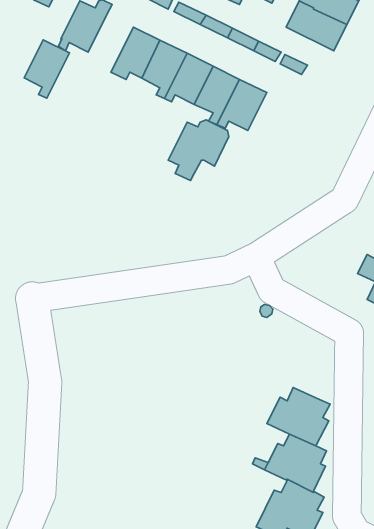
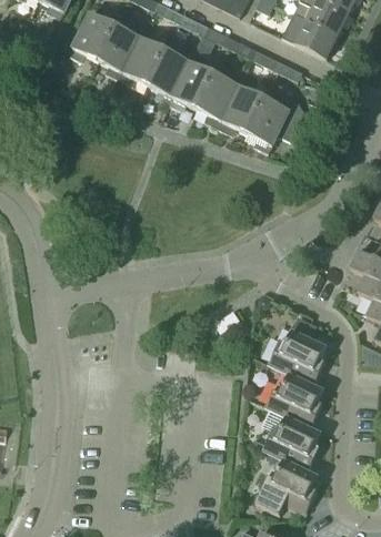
building: [24,40,69,98] -> [98,24,140,79]
building: [168,120,229,181] -> [247,95,303,152]
building: none -> [268,315,325,384]

